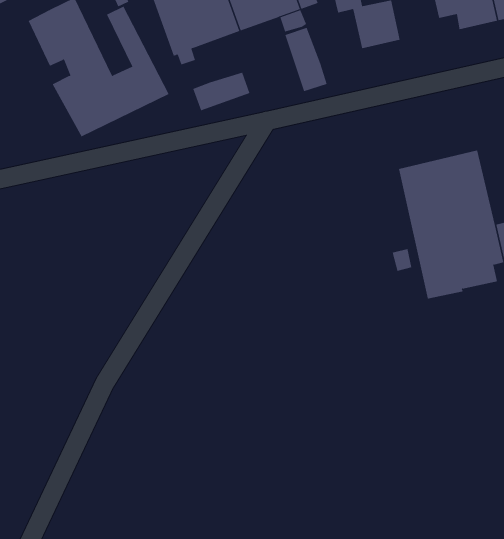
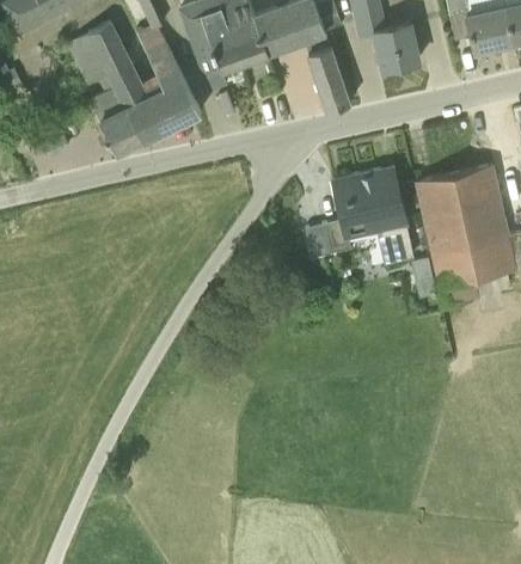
building: [193,72,250,111] -> none
building: none -> [305,168,413,264]

